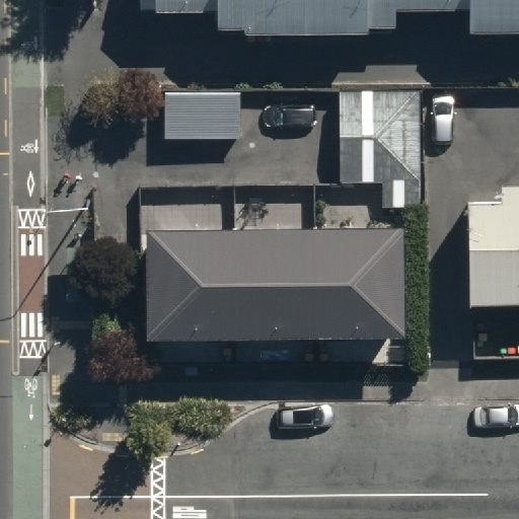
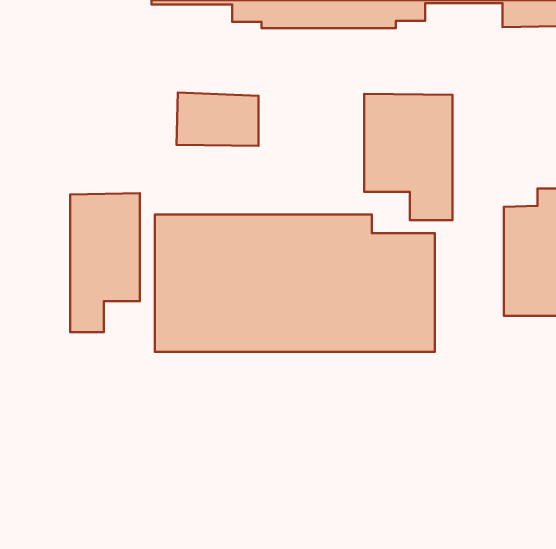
building: none -> [70,193,140,332]

